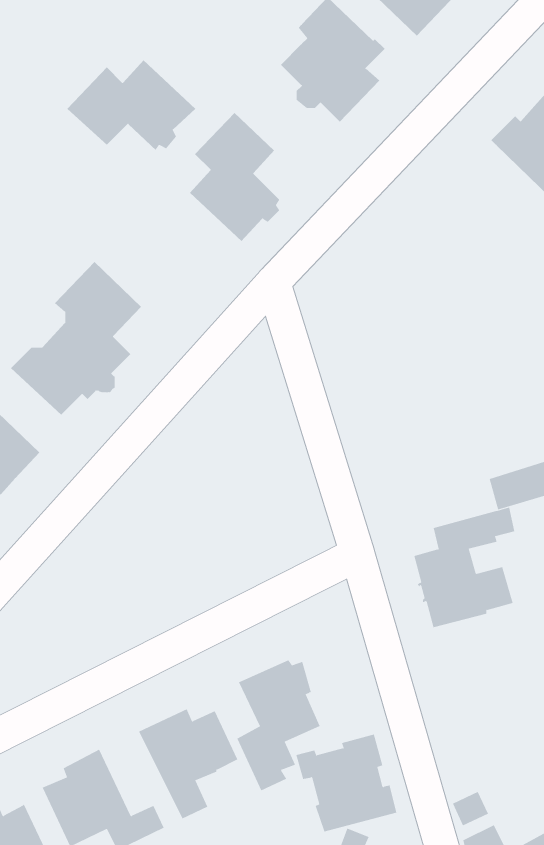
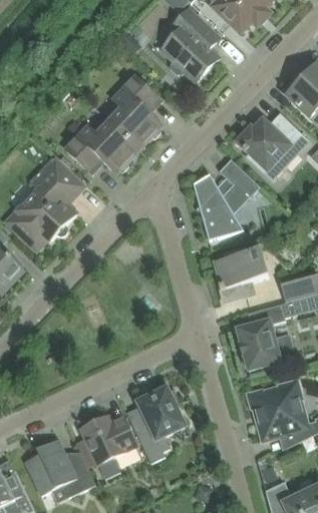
building: [67,60,196,151] -> [65,121,139,173]
building: none -> [237,112,306,179]
building: none -> [195,159,260,239]
building: none -> [215,247,269,303]
building: [296,734,397,832] -> [248,382,306,438]

